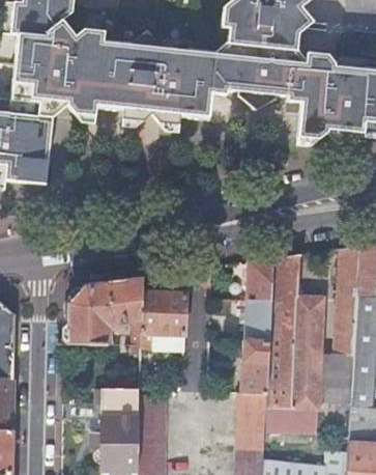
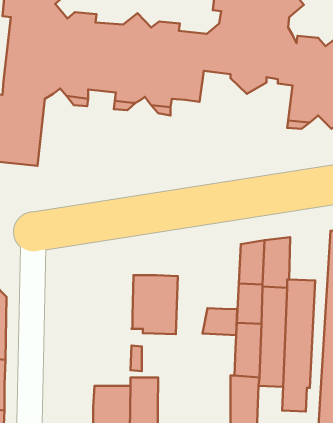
building: [65,276,143,344] -> none
building: none -> [202,308,237,335]

